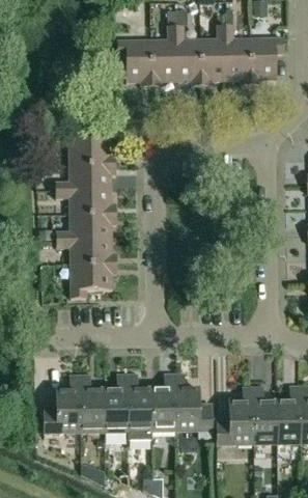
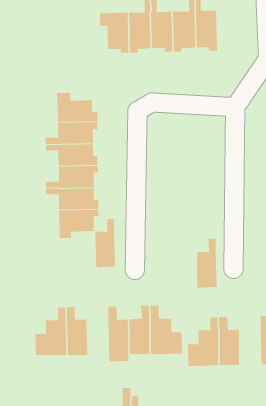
building: [250,37,283,85] -> none
building: [103,375,127,431] -> [95,219,116,268]
building: [276,385,300,442] -> [197,238,218,288]

